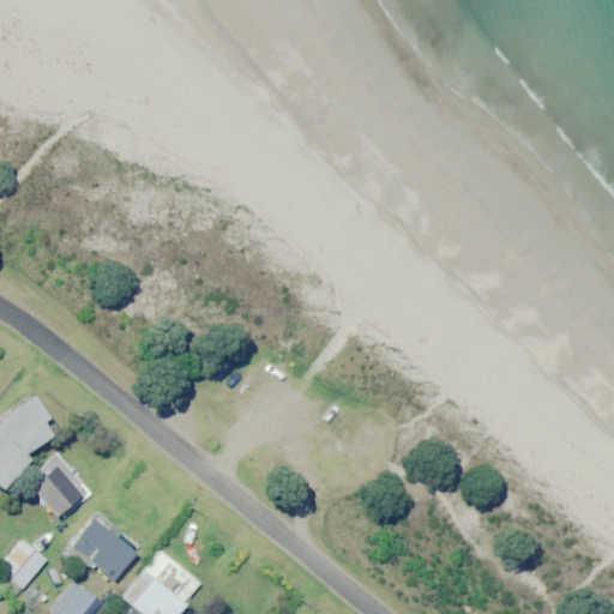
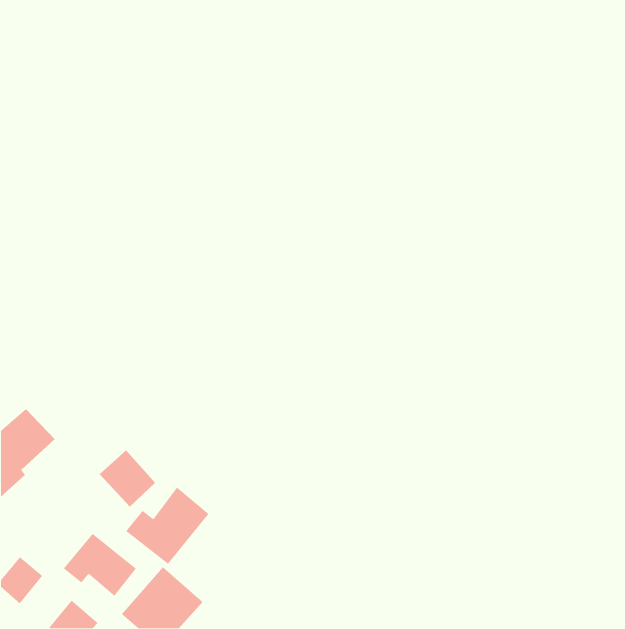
building: [31,464,86,520] -> [99,449,156,507]
building: none -> [125,487,210,565]

